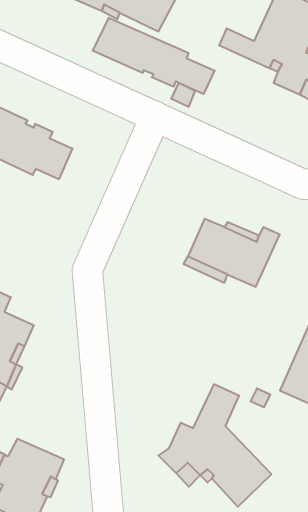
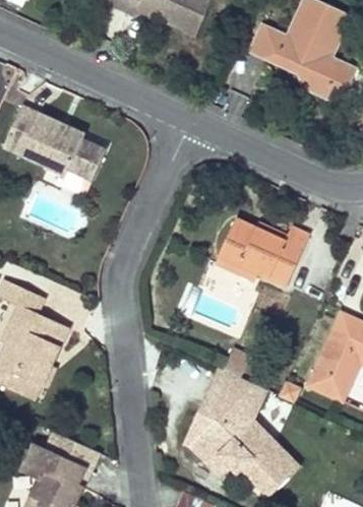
building: [93,18,215,94] -> none
building: none -> [184,368,243,448]

